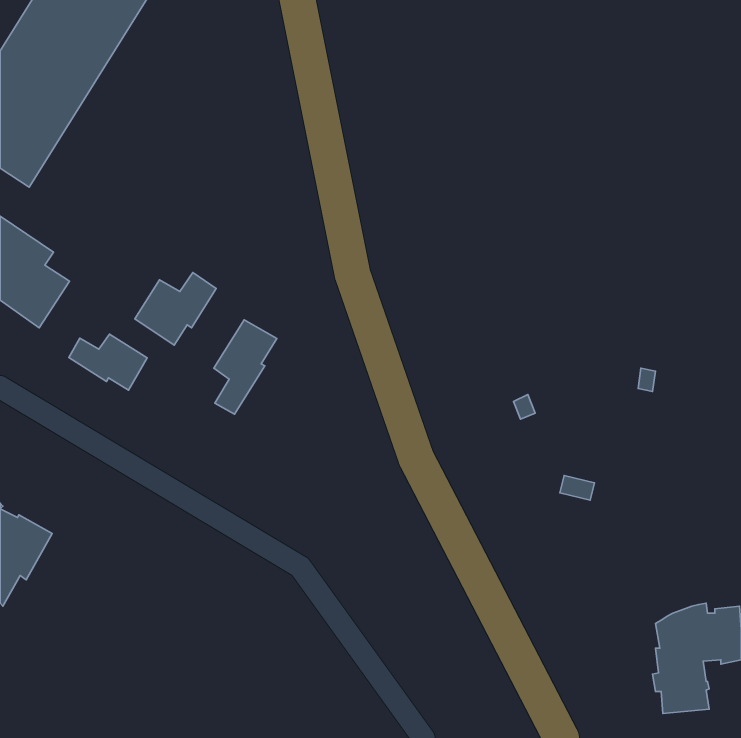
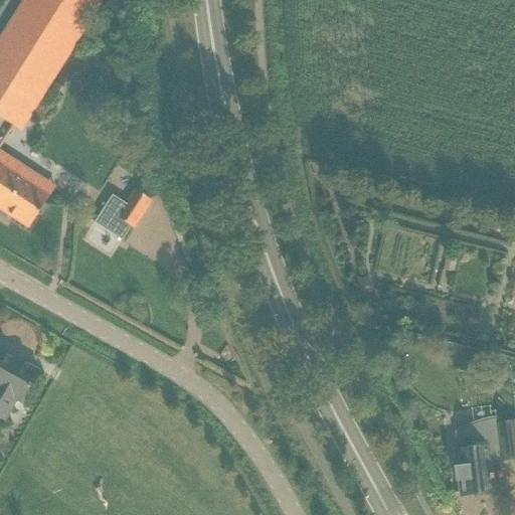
building: [214,320,277,414] -> none
building: [69,334,147,390] -> none

